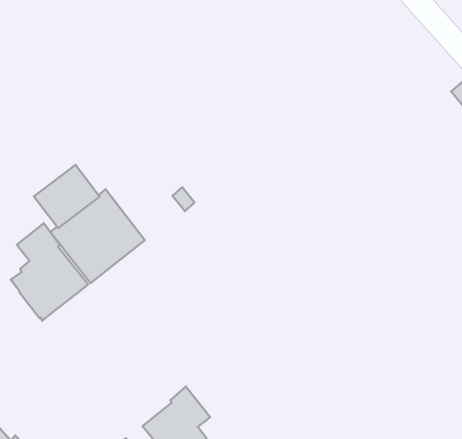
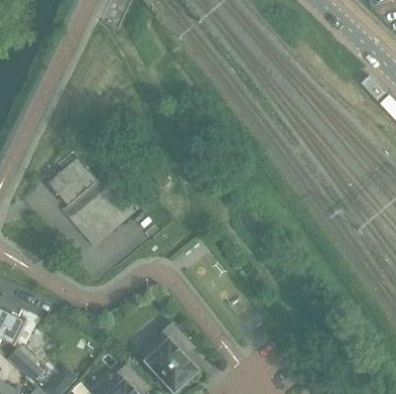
building: [11,223,88,321] -> none

